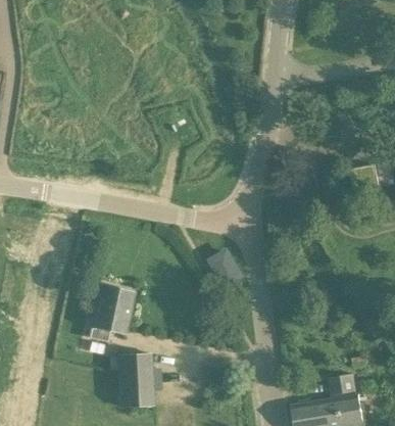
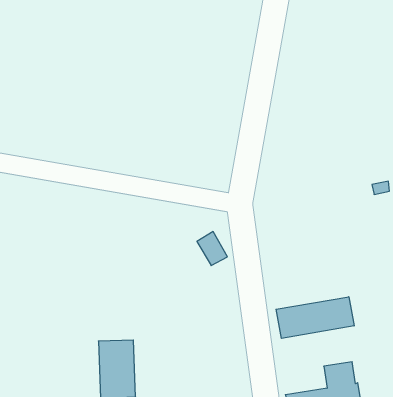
building: [90,285,134,340] -> none
building: none -> [276,297,354,338]

